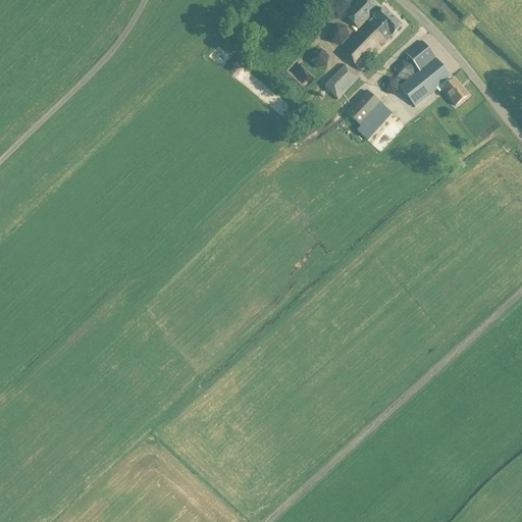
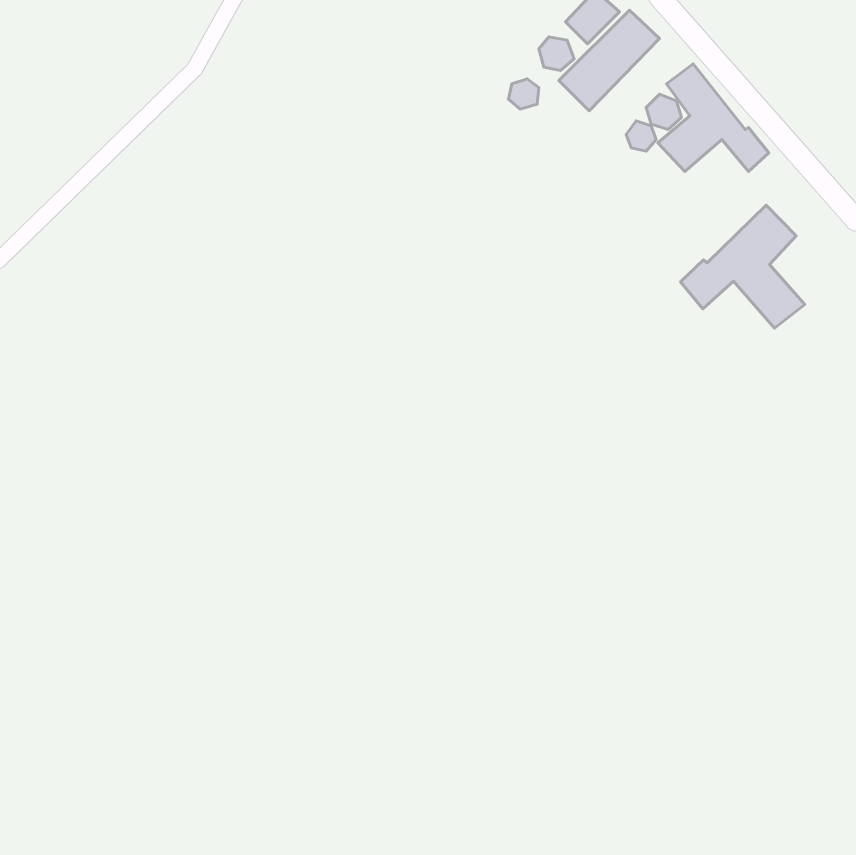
building: [324,63,359,98] -> none
building: [341,88,390,137] -> none
building: none -> [680,205,805,328]

